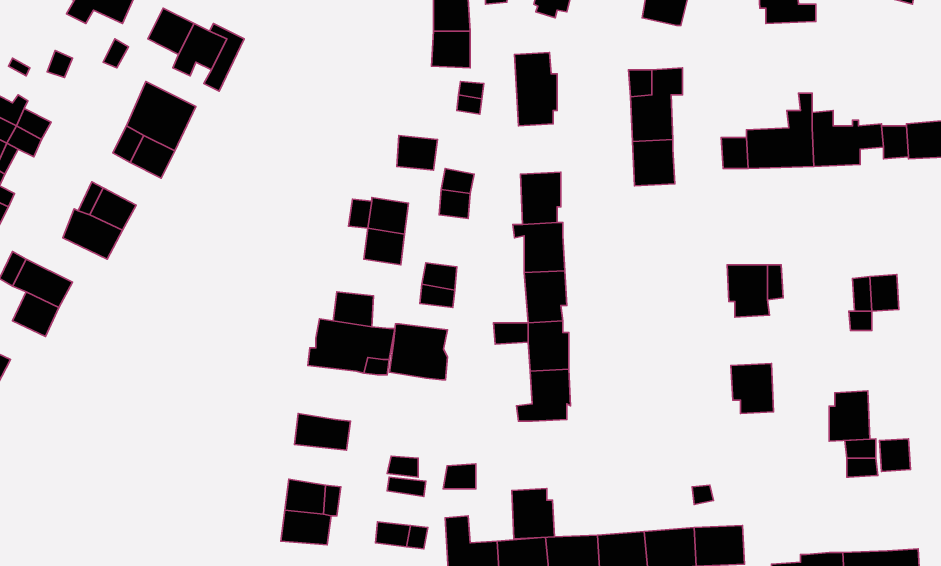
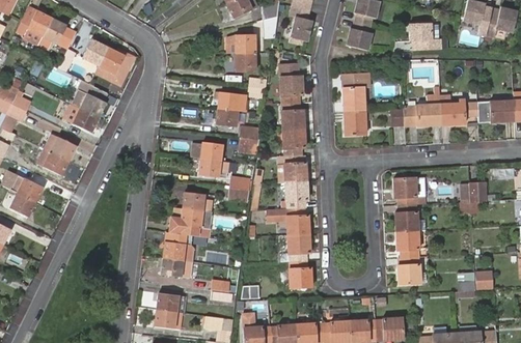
building: none -> [217,92,247,113]
building: none -> [281,103,304,130]
building: none -> [395,205,426,232]
building: [390,324,448,380] -> [163,232,194,262]
building: [829,391,870,441] -> [397,257,419,284]
building: [512,488,554,539] -> [289,261,311,288]

